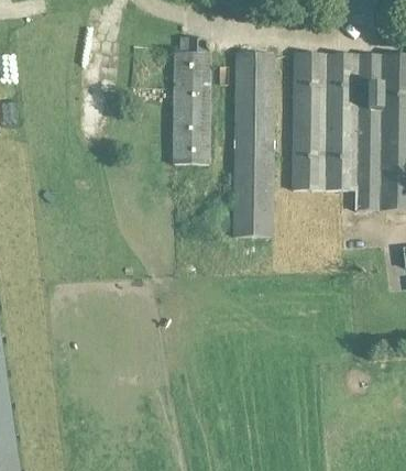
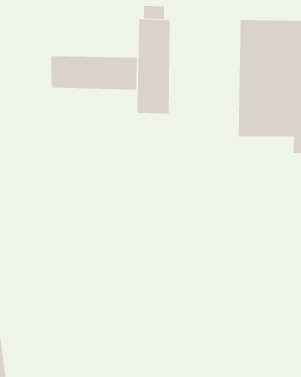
building: [234,51,275,232] -> none
building: none -> [51,56,137,91]

